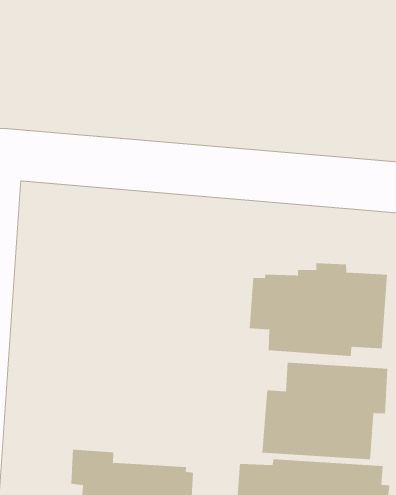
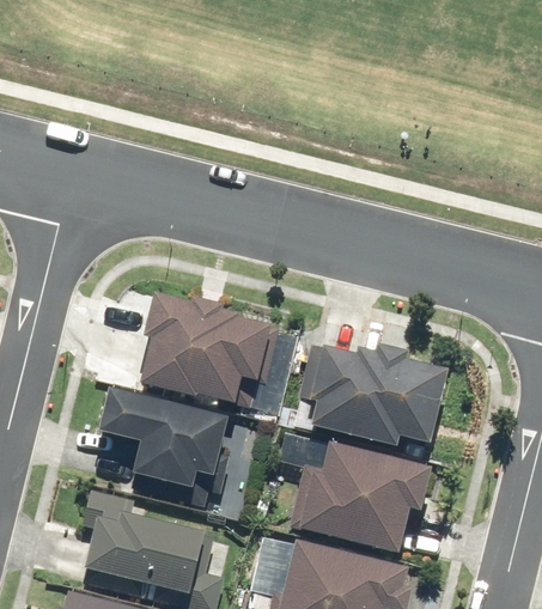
building: none -> [139,292,278,409]
building: none -> [99,386,229,508]

